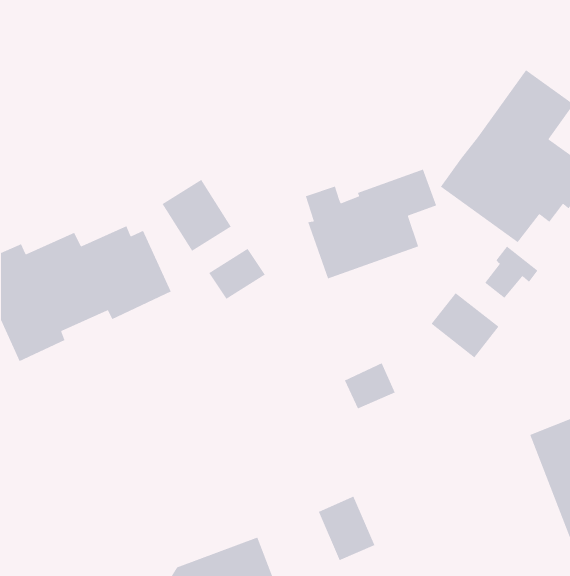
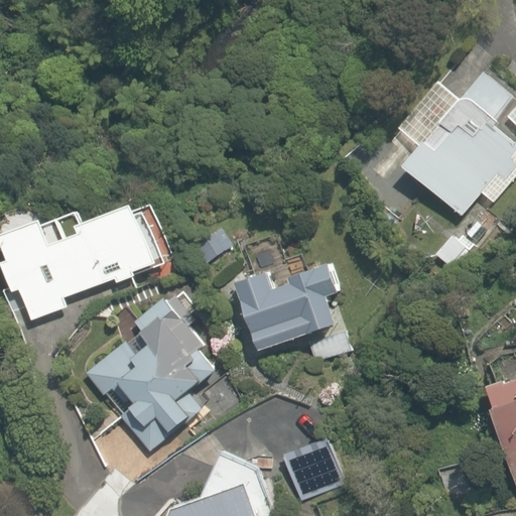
building: [305,169,437,280] -> [235,257,353,356]
building: [162,179,232,252] -> none
building: [430,292,500,358] -> none
building: none -> [81,290,227,456]

